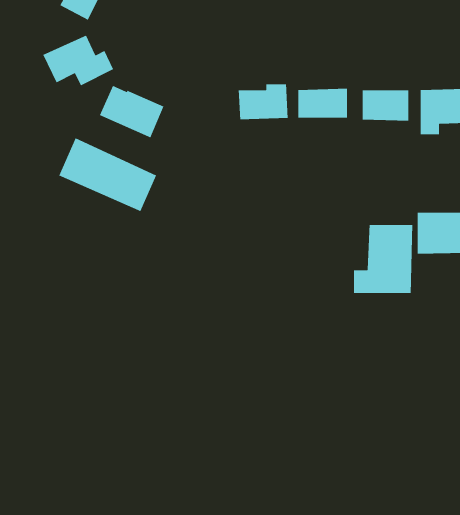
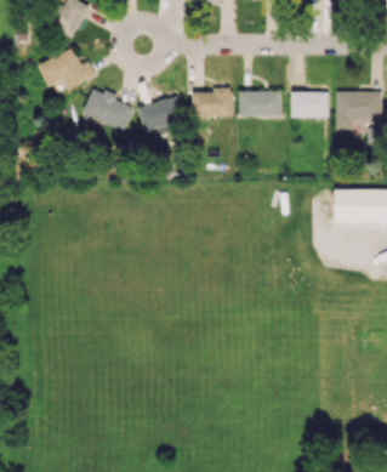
building: none -> [138,97,184,130]
building: [58,137,157,212] -> none
building: [353,224,413,294] -> none

